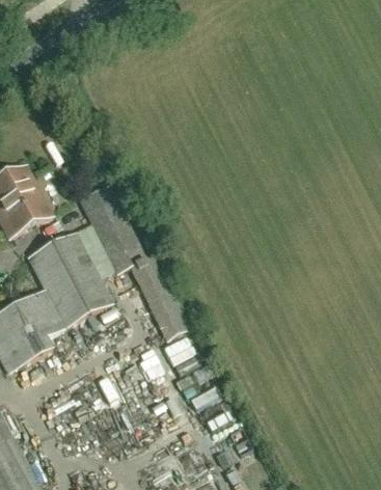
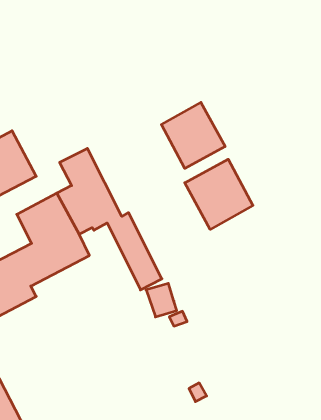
building: none -> [161,102,225,168]
building: none -> [185,159,253,229]

